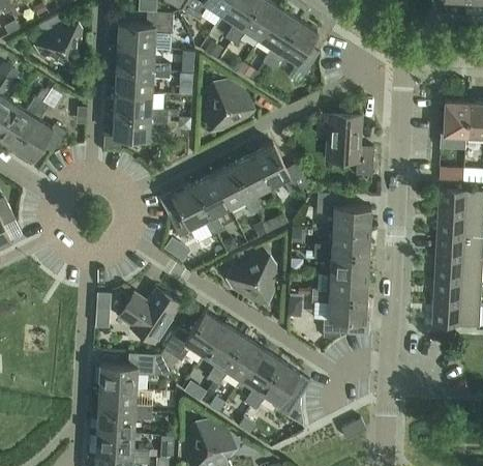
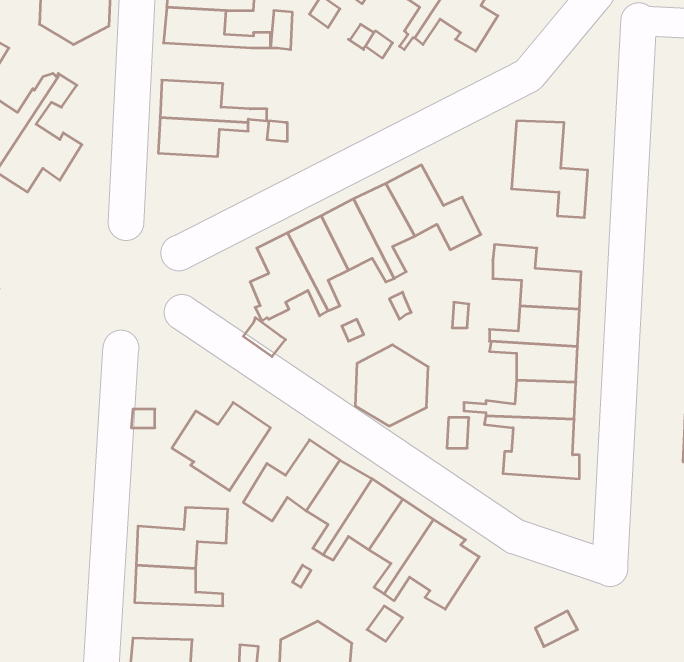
building: [115,69,170,94] -> none
building: [204,82,248,132] -> none
building: [97,411,152,434] -> none

